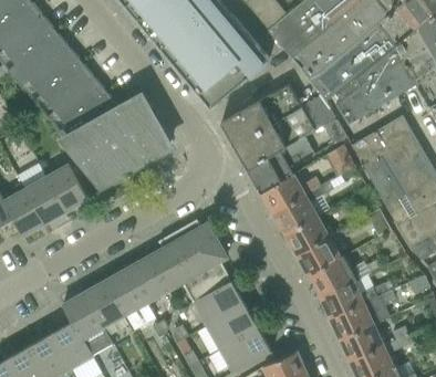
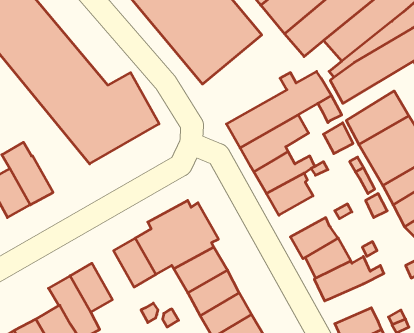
building: [310,65,346,102] -> none
building: [221,84,297,146] -> none
building: [46,165,87,212] -> none
building: [286,216,331,255] -> none
building: [104,269,145,316] -> none
building: [330,290,395,339] -> none

